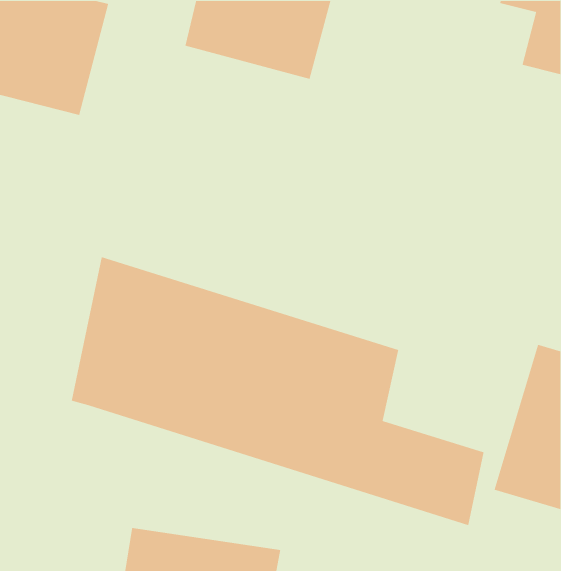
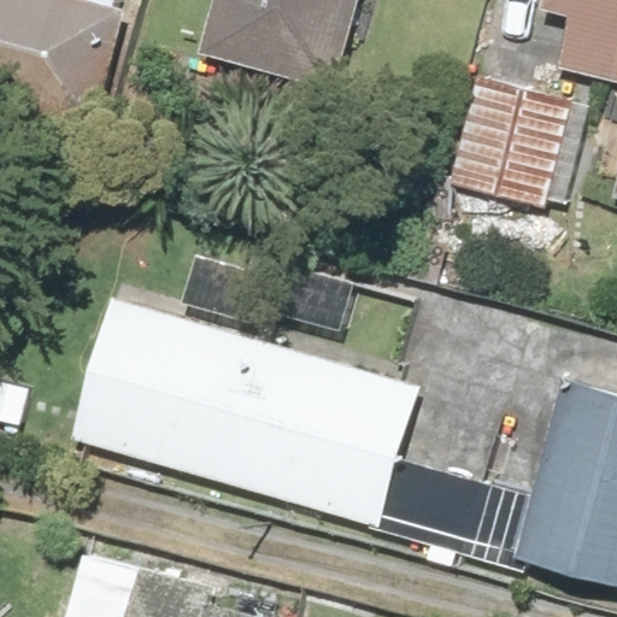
building: none -> [434,78,587,217]

